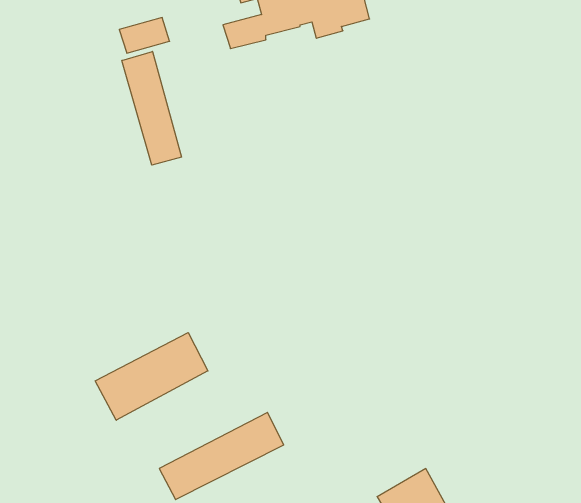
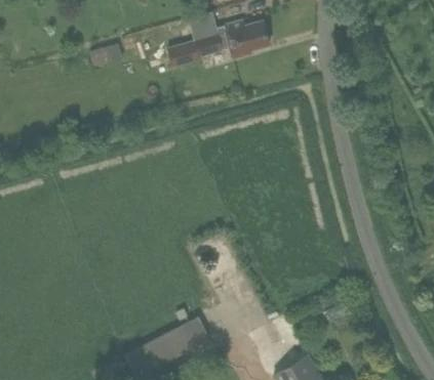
building: [122,51,182,165] -> none
building: [95,333,208,420] -> none

